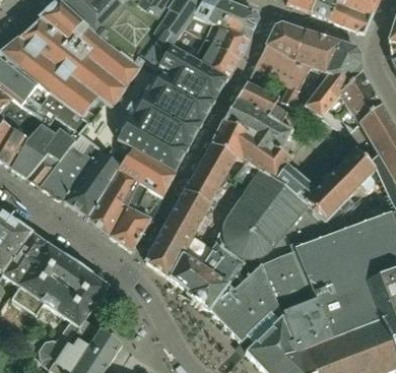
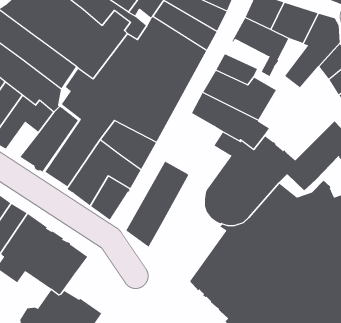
building: [186,140,236,201] -> none
building: [26,149,59,184] -> none
building: [170,238,247,309] -> none

